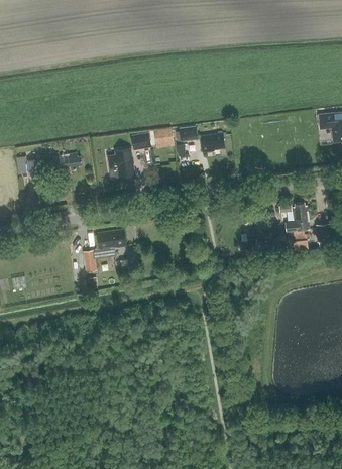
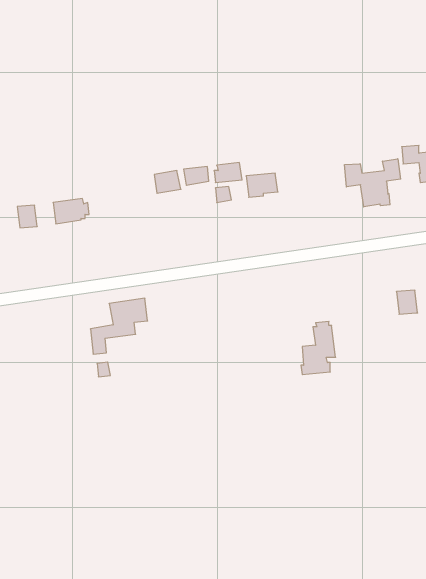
building: none -> [345,159,401,207]
building: [107,148,134,177] -> none
building: [282,203,309,243] -> [301,321,336,375]

